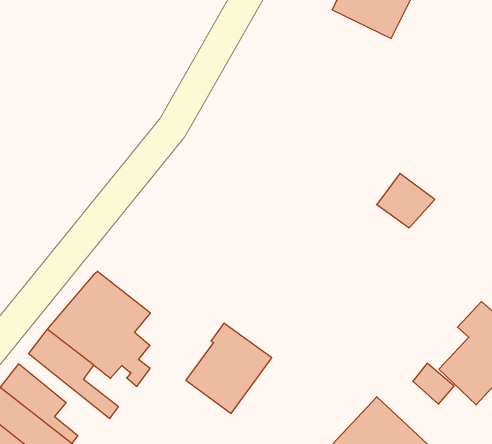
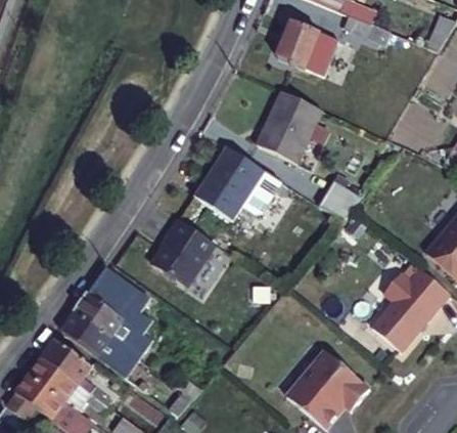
building: none -> [258,89,324,161]
building: none -> [195,147,283,221]
building: [186,323,272,414] -> [148,215,213,284]

